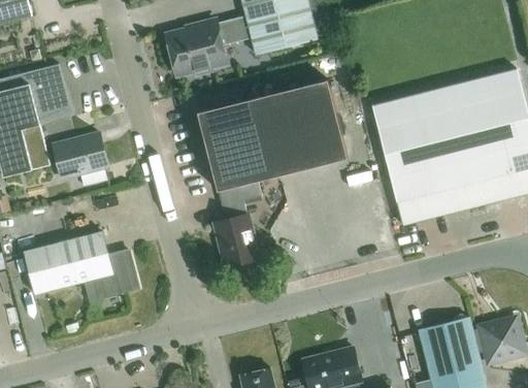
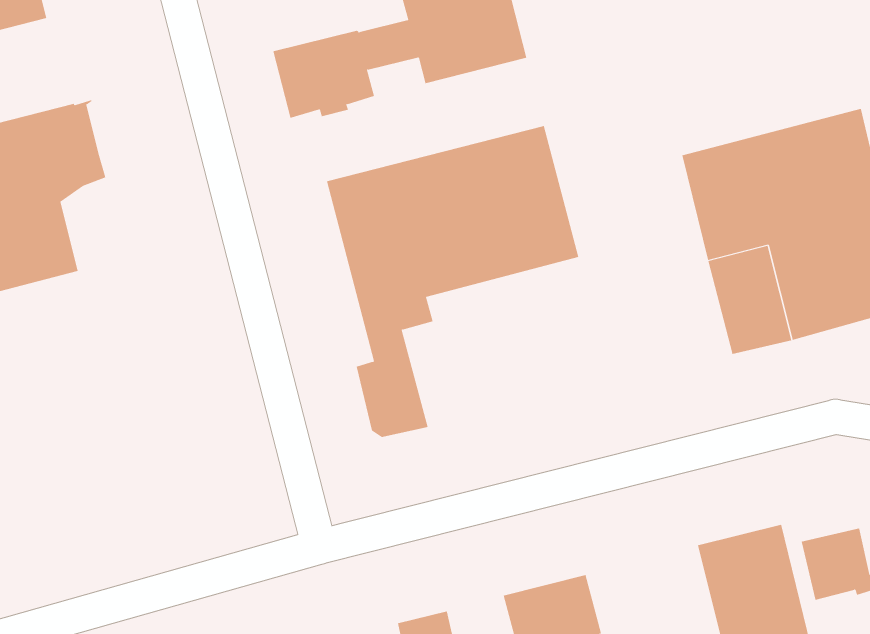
building: [372,97,439,225] -> none
building: [54,133,108,179] -> none
building: [24,232,138,300] -> none

